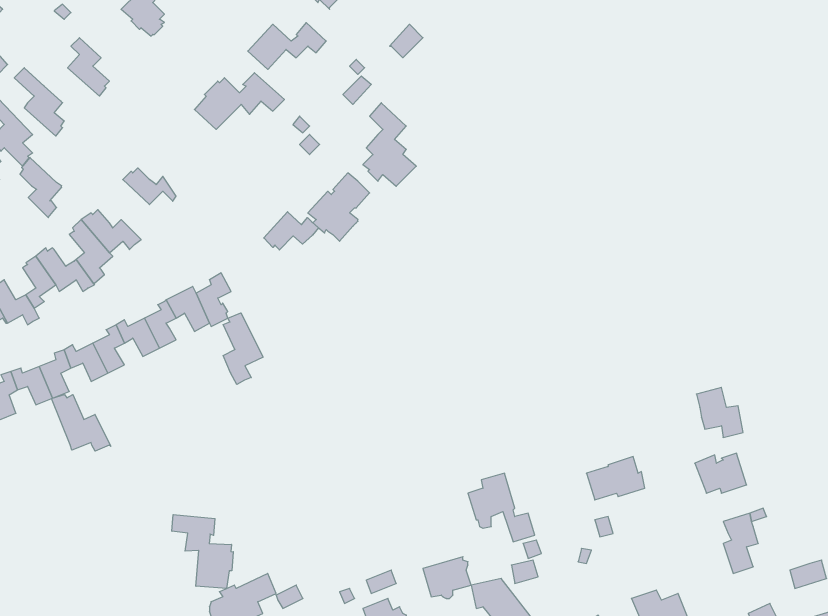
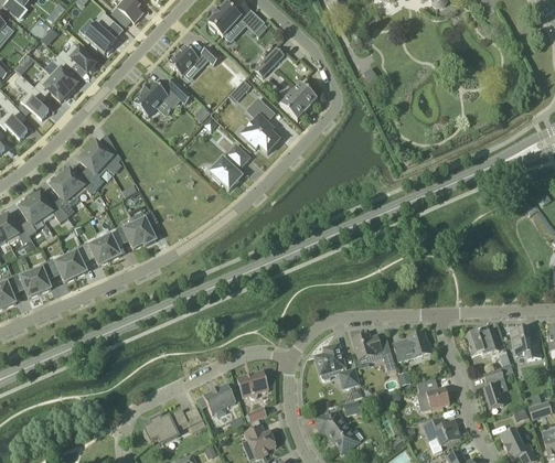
building: none -> [57,44,96,73]
building: none -> [34,73,71,101]
building: none -> [280,83,318,121]
building: [20,157,62,218] -> [79,149,107,189]
building: [264,212,318,250] -> none
building: [223,313,263,384] -> none
building: [696,387,743,437] -> [510,327,541,360]
building: [51,395,111,451] -> none
building: none -> [353,335,396,372]
building: [172,515,233,589] -> none
building: none -> [415,379,450,411]
building: none -> [203,384,236,417]
building: [423,557,471,598] -> [237,370,269,398]

